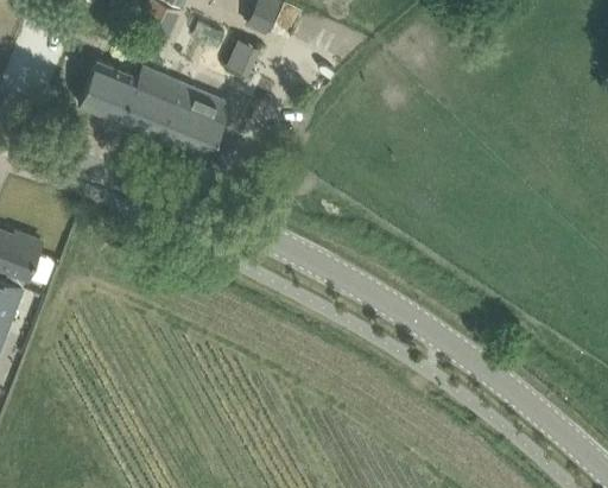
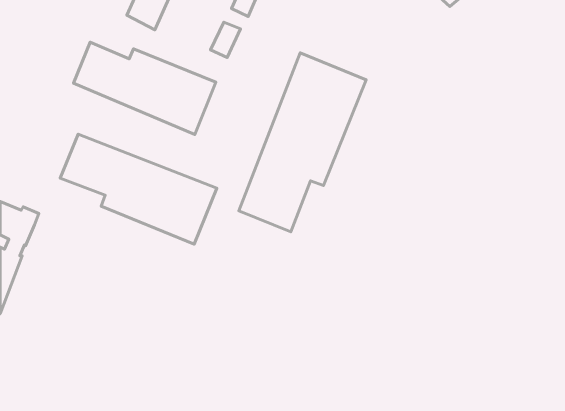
building: none -> [239,53,366,232]
building: none -> [60,134,217,244]

